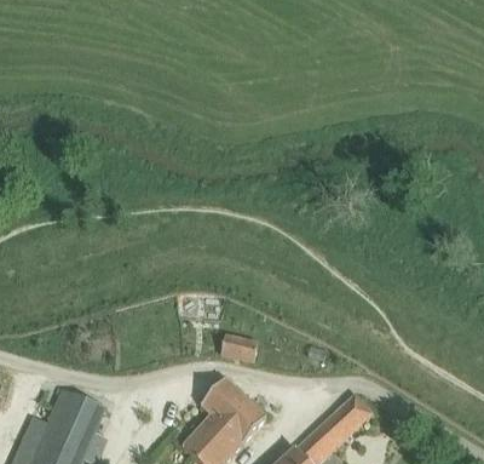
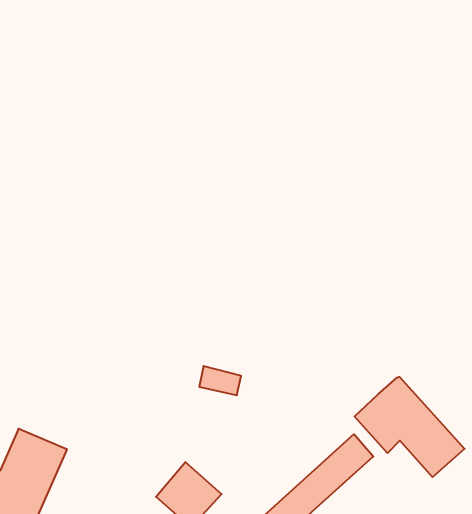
building: none -> [355,377,465,477]
building: [201,377,265,445] -> none

